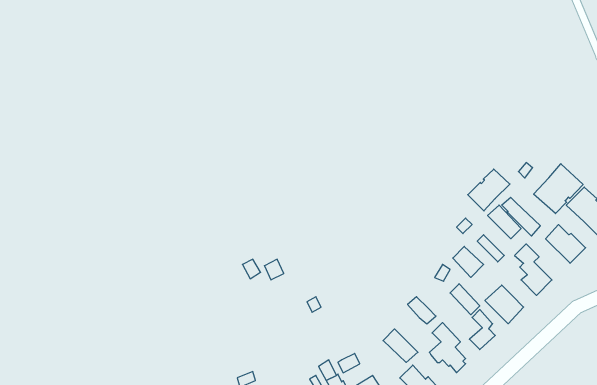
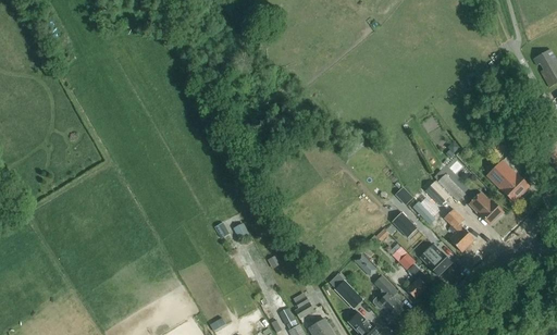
building: [534,164,583,214] -> none
building: [468,169,510,211] -> none

